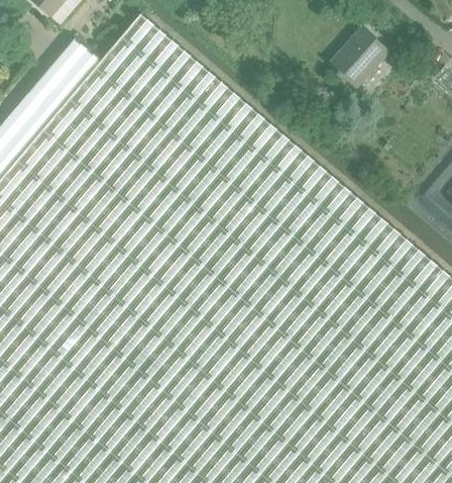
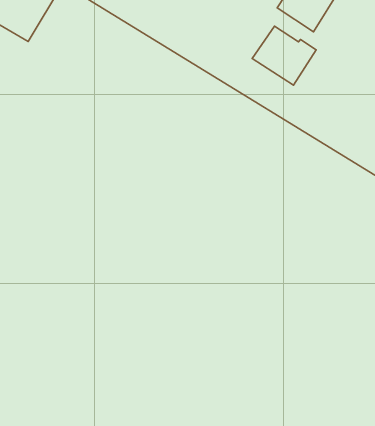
building: none -> [252,26,316,85]

